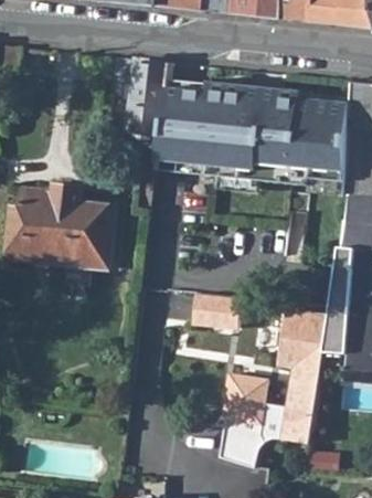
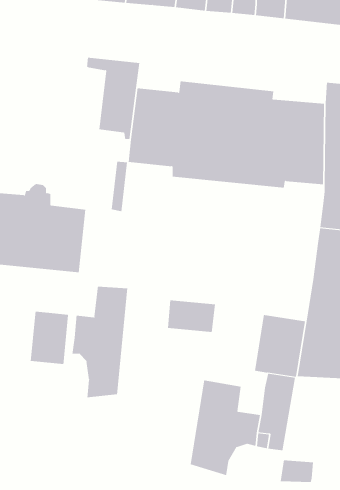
building: none -> [72,286,128,398]
building: none -> [30,311,69,365]

